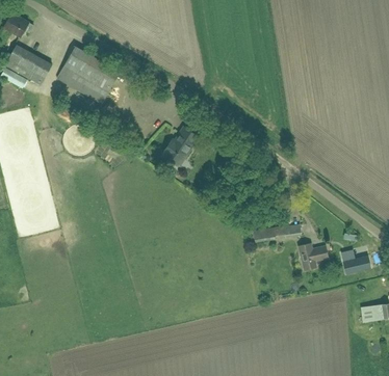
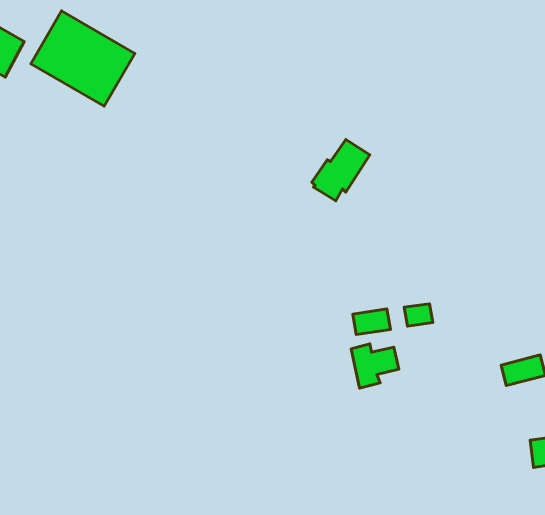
building: [162,126,198,163] -> [312,139,370,201]
building: [299,242,328,269] -> [351,344,399,388]

